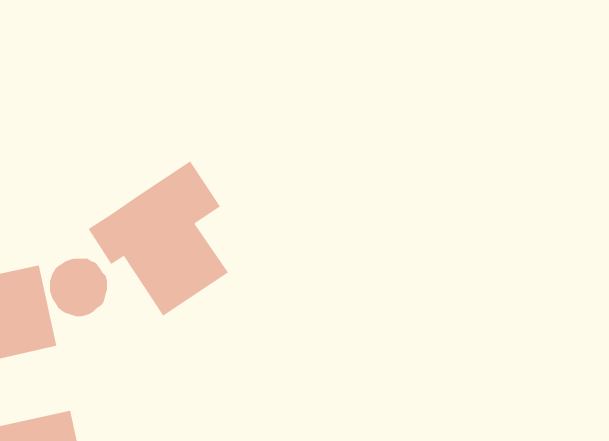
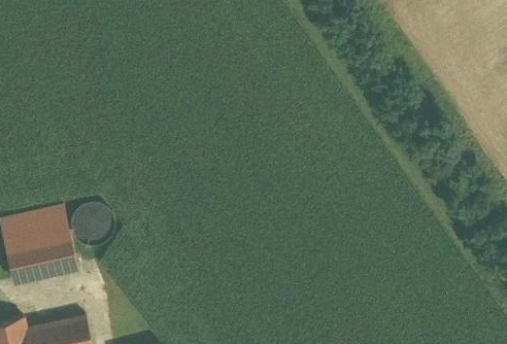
building: [88,160,229,316] -> none

